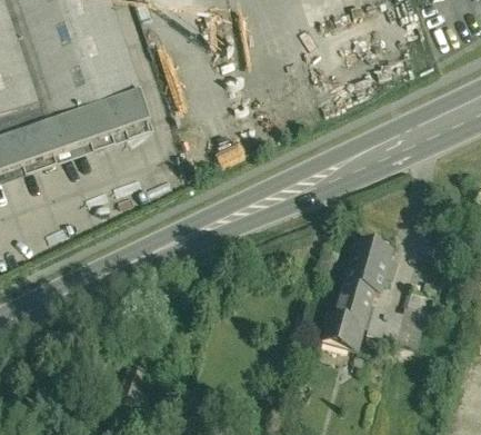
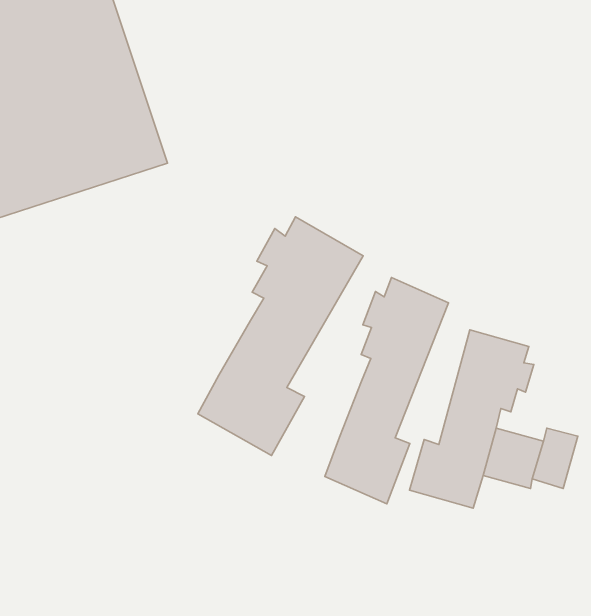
building: none -> [198,217,363,456]
building: none -> [325,277,449,504]

